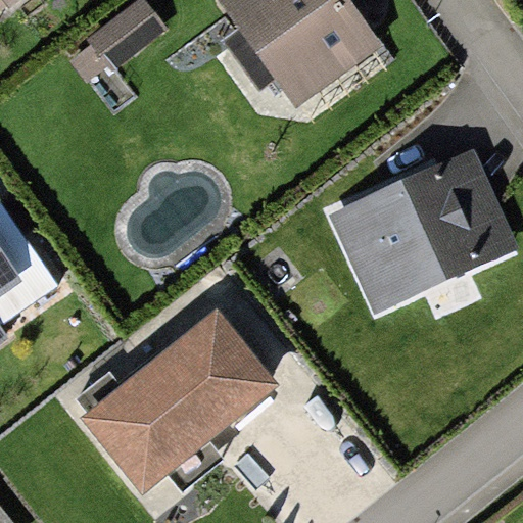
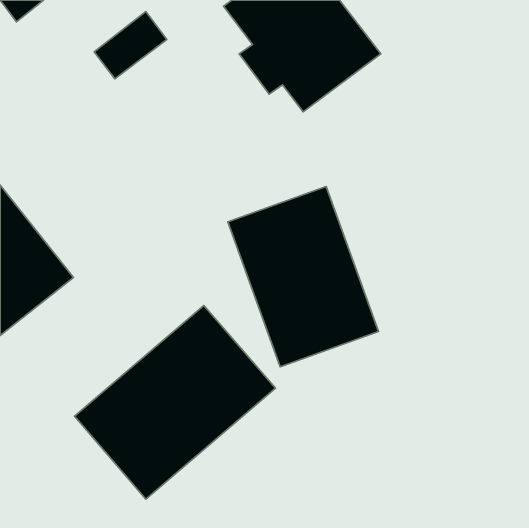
building: [329,145,515,305] -> none
building: none -> [228,187,379,367]

